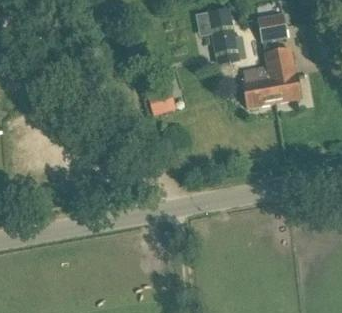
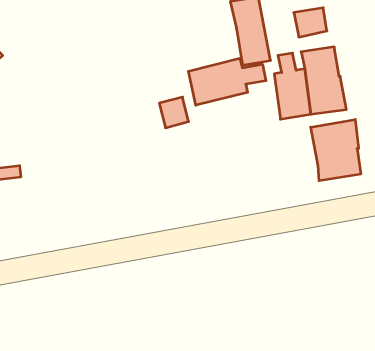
building: none -> [188,58,266,105]
building: none -> [311,119,361,181]

